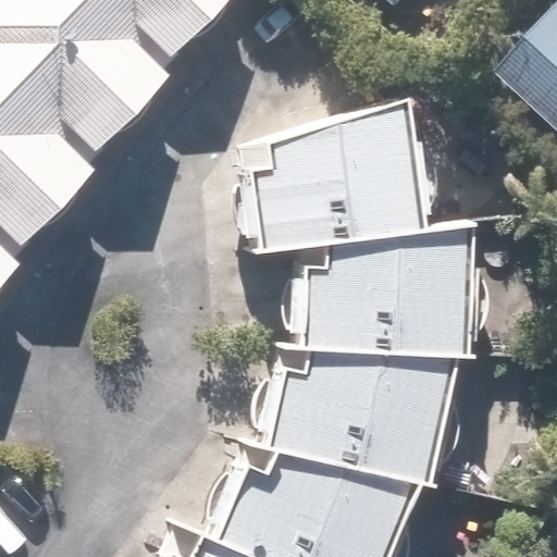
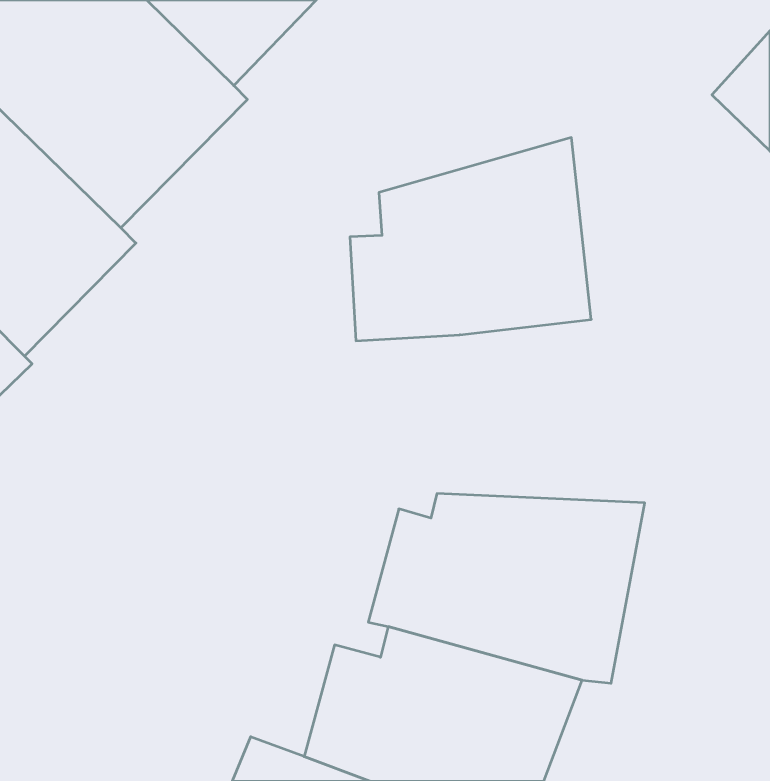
building: [296,222,474,358] -> none

